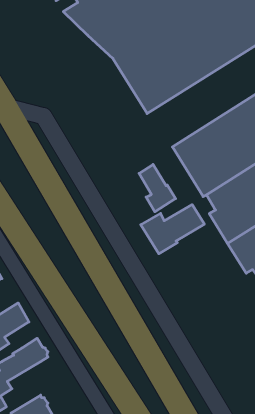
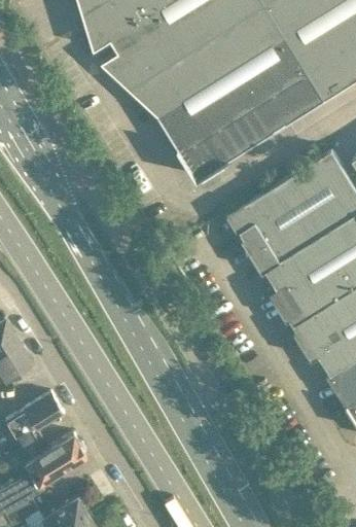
building: [139,164,176,212] -> none
building: [141,205,204,254] -> none

